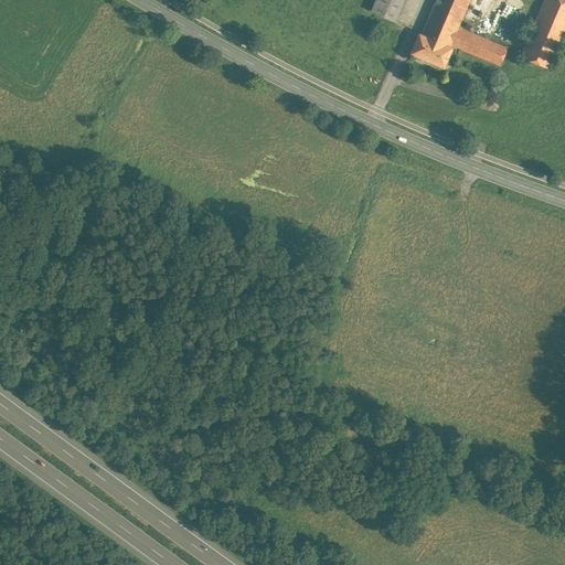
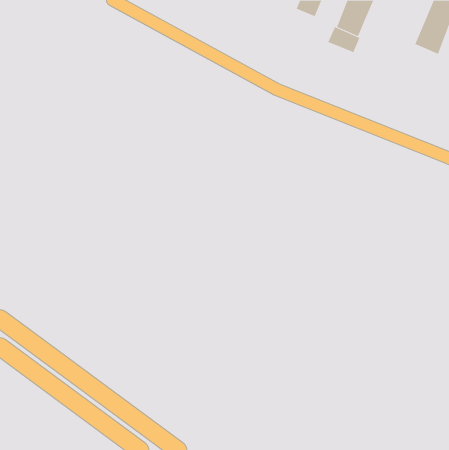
building: [451,23,509,65] -> none

